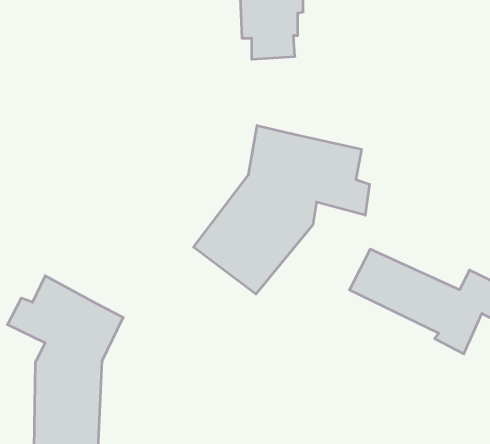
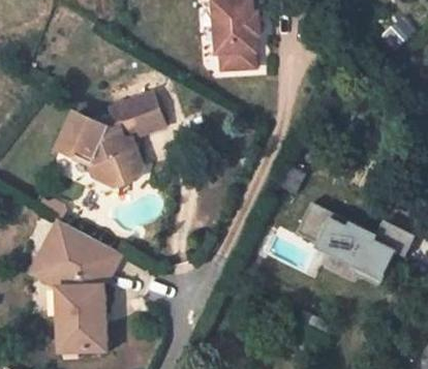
building: none -> [57,92,169,189]
building: [194,125,370,294] -> none

